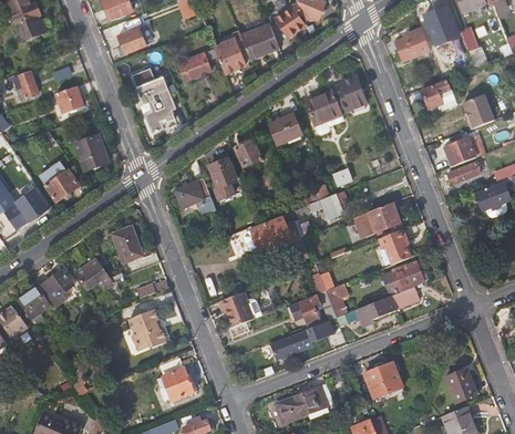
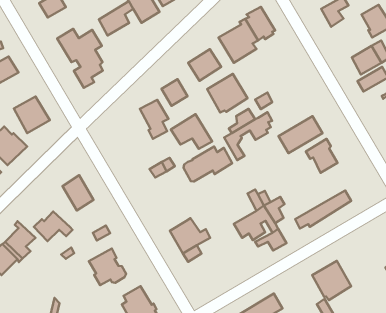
building: none -> [207,74,247,113]
building: [174,178,216,216] -> [171,114,212,149]
building: [381,261,424,296] -> none
building: [269,330,312,360] -> none

